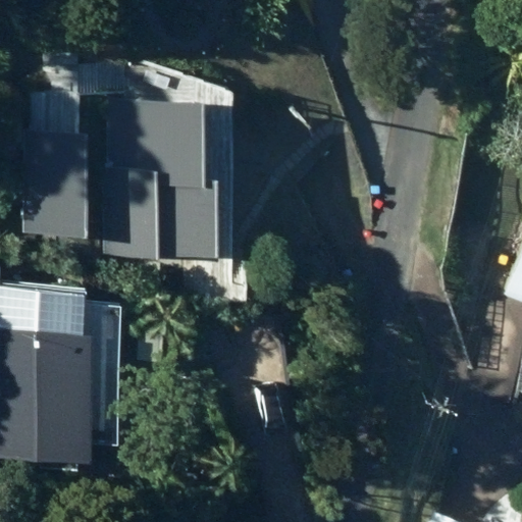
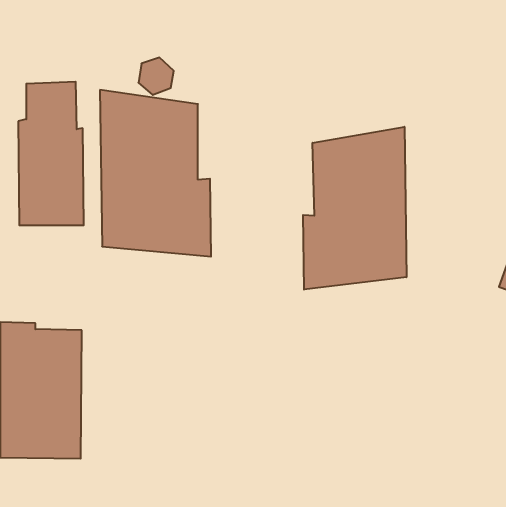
building: none -> [303,127,406,290]

